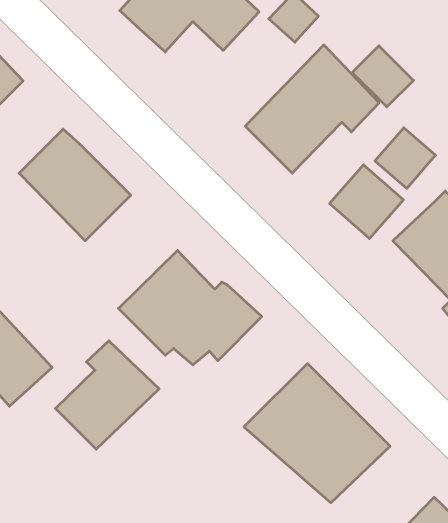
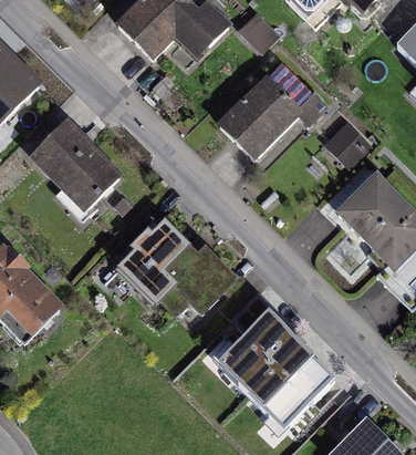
building: [352,46,414,107] -> none
building: [330,165,403,239] -> none
building: [55,341,159,449] -> none

